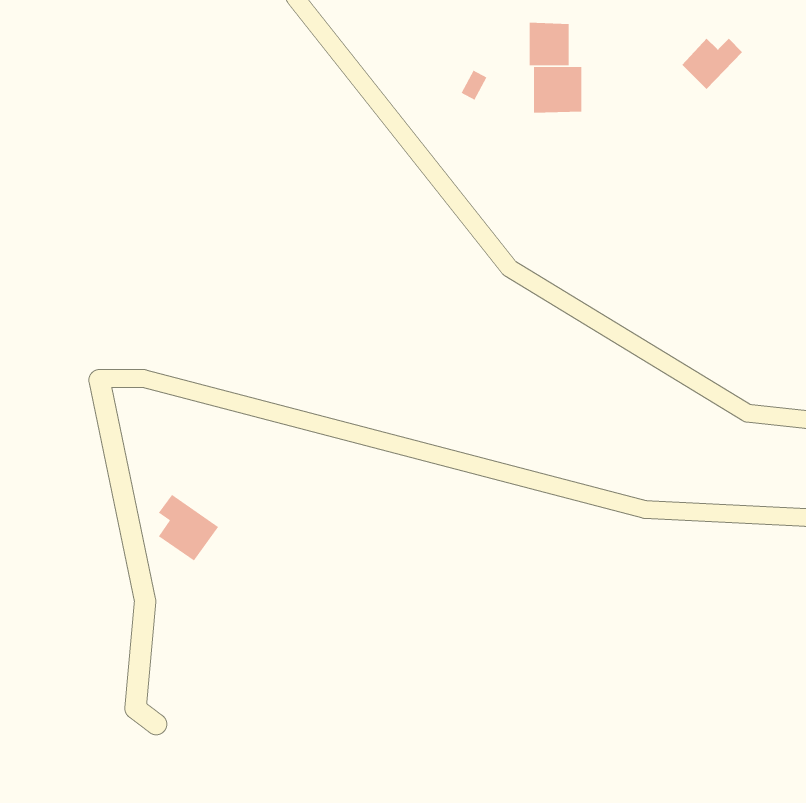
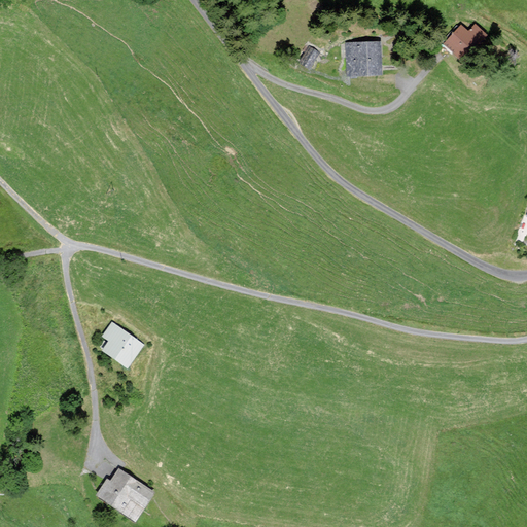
building: [529,22,569,66] -> none
building: none -> [98,470,152,519]

